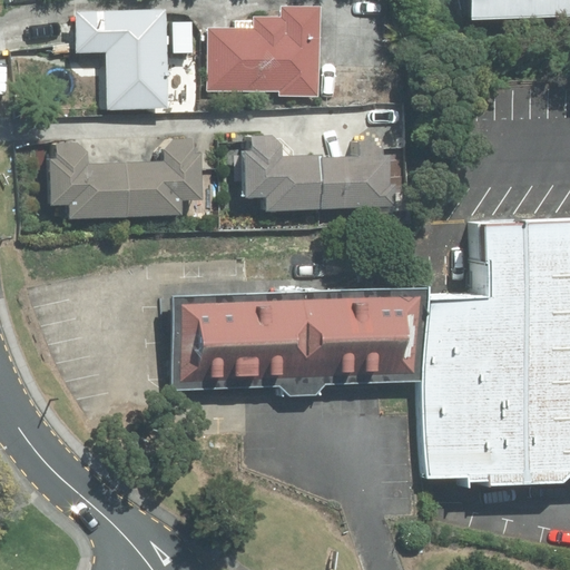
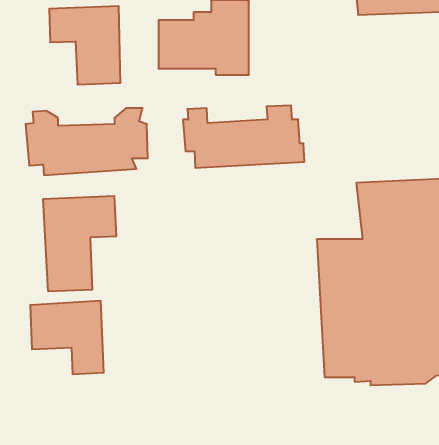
building: none -> [43,196,116,291]
building: [169,289,416,390] -> none
building: none -> [30,301,104,374]

